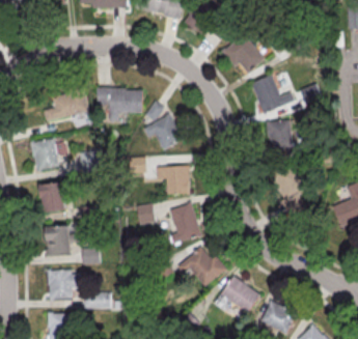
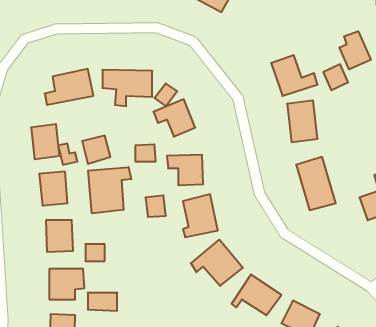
building: [221,33,265,73] -> none
building: none -> [339,31,371,69]
building: none -> [88,167,131,213]

